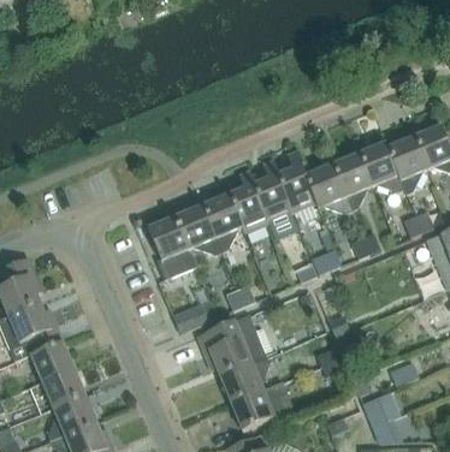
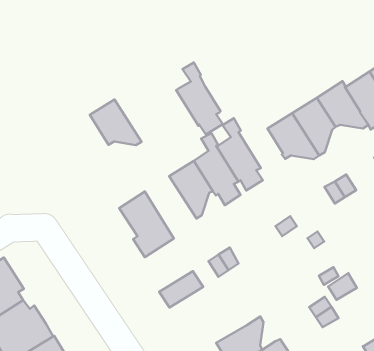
building: [277,150,316,222] -> [176,62,223,135]
building: [176,206,221,254] -> [90,99,142,145]
building: [197,315,267,375] -> none

